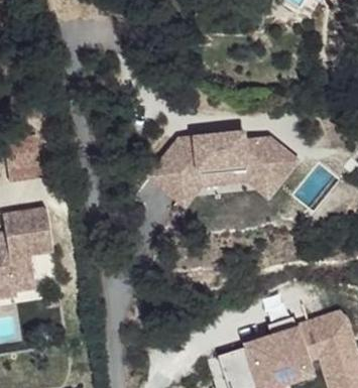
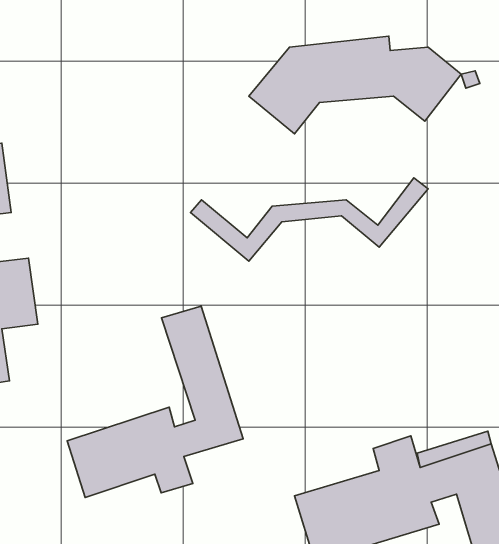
building: [157,129,293,191] -> [249,36,461,134]
building: none -> [67,306,243,498]

